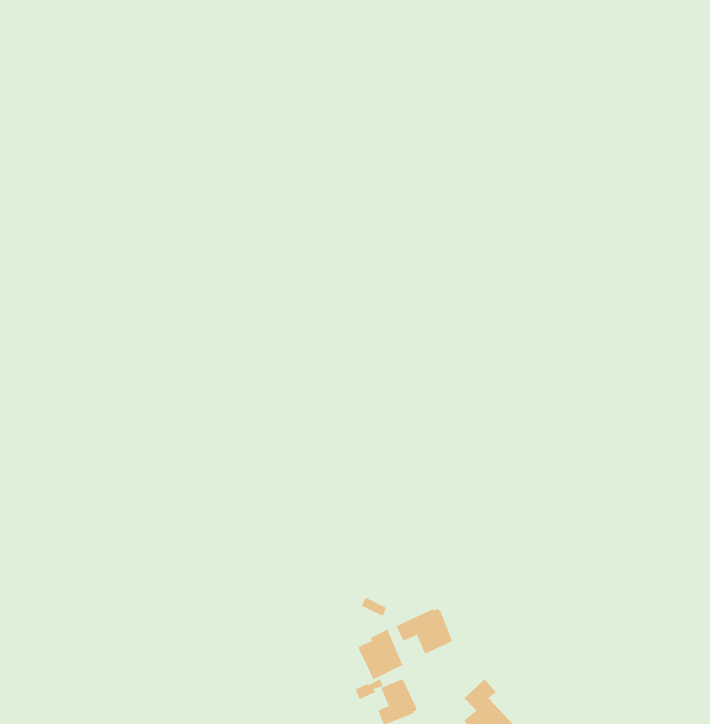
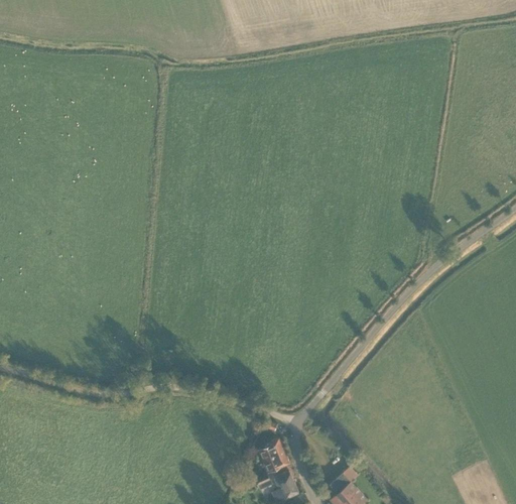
building: [396,608,453,654] -> none

